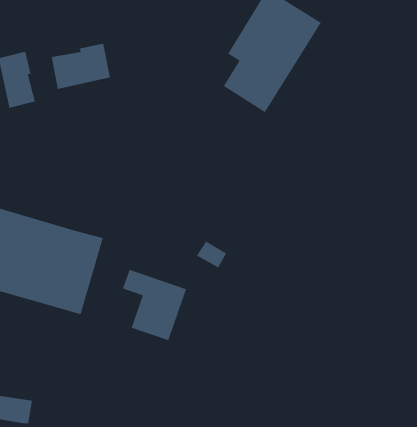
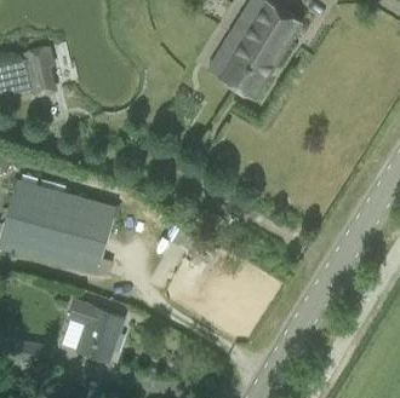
building: [51,43,111,90] -> none
building: [122,269,187,341] -> [69,301,125,363]

